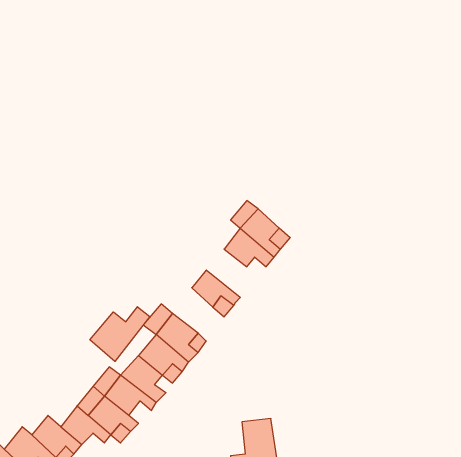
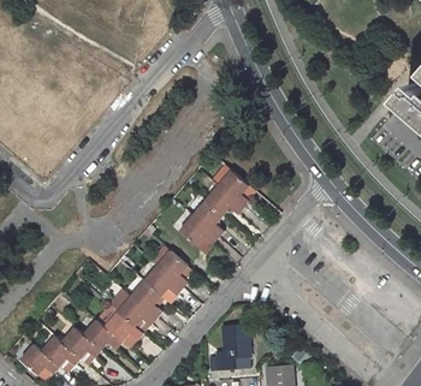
building: none -> [191,202,223,238]
building: [90,307,150,361] -> none

